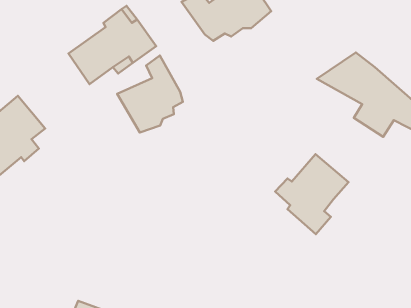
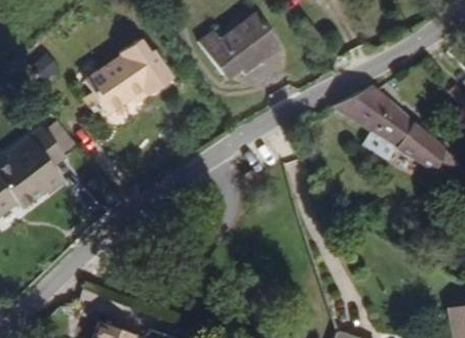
building: [117,55,183,133] -> none
building: [275,154,348,234] -> none

